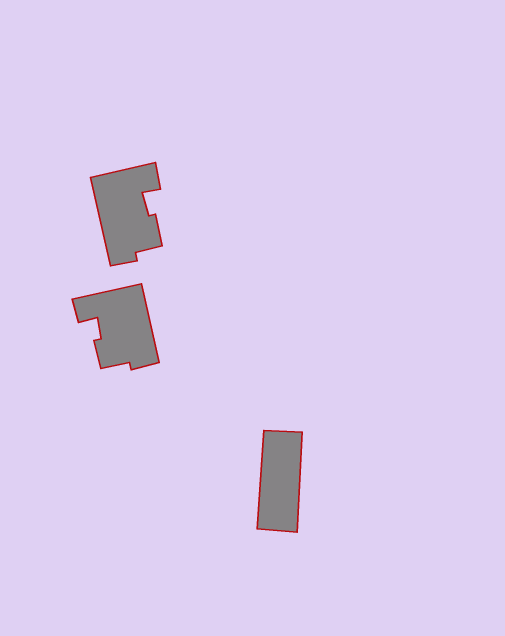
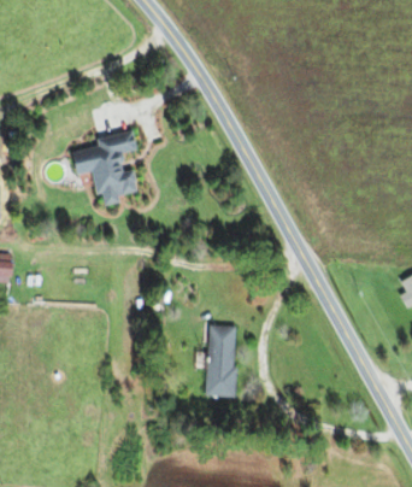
building: [72,284,159,370] -> none

